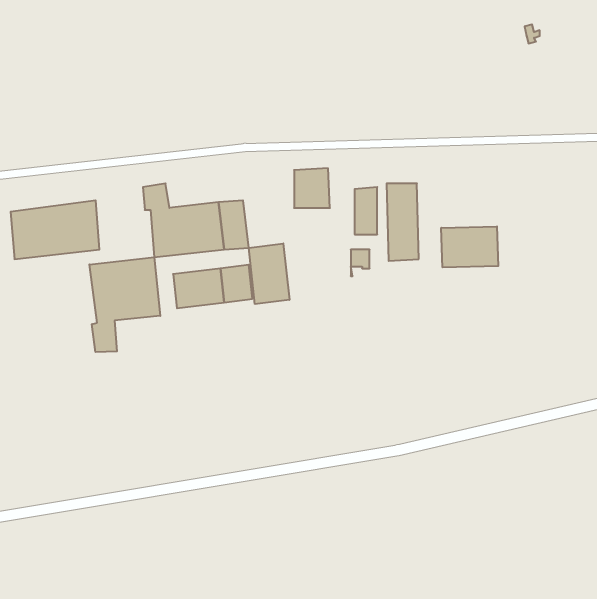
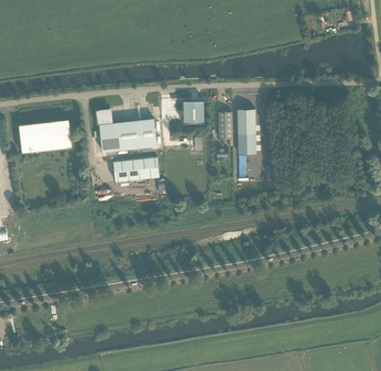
building: [441,226,498,267] -> none
building: [249,243,289,304] -> none
building: [89,257,160,352] -> none

